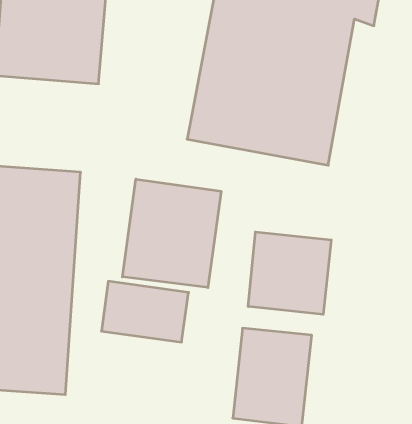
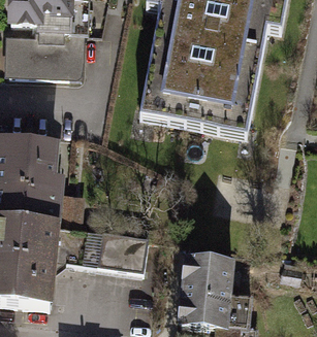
building: [122,179,221,288] -> none
building: [248,232,331,314] -> none

